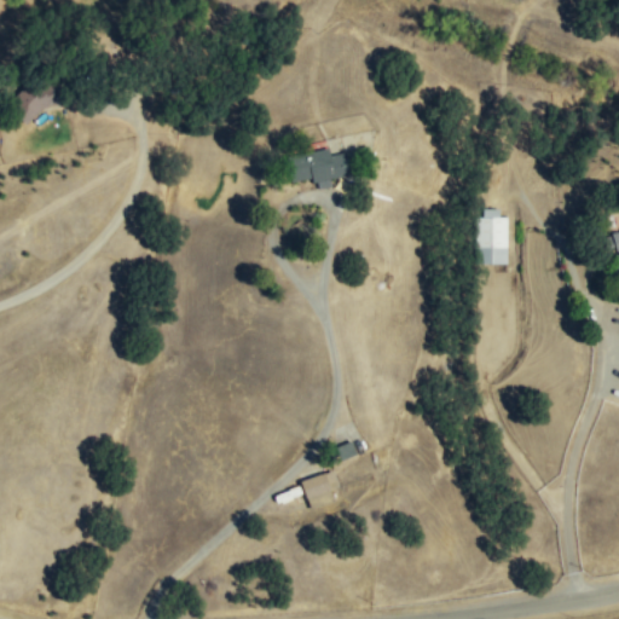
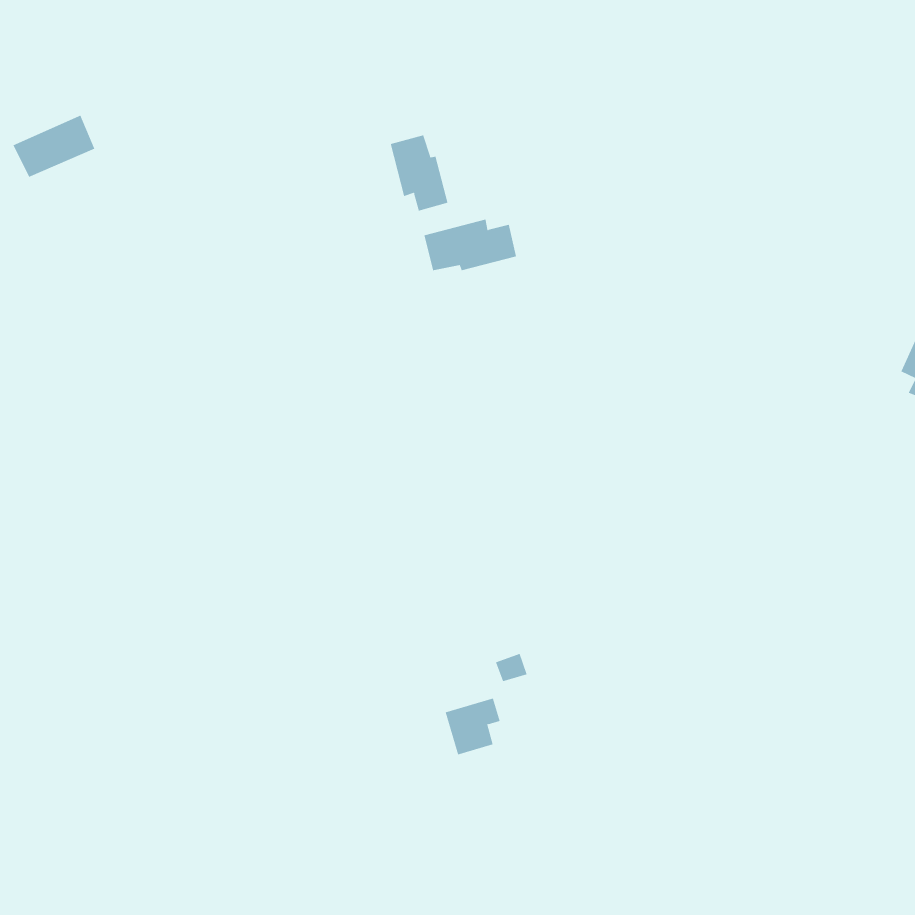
building: none -> [390,135,448,212]
building: [478,209,508,265] -> none

